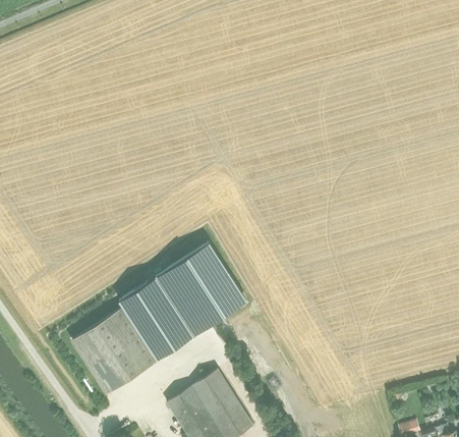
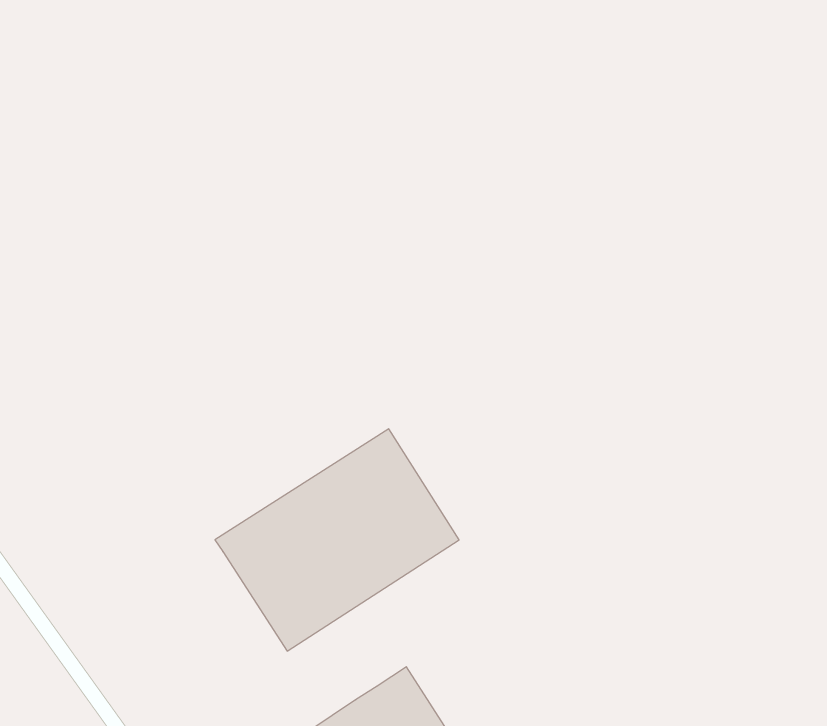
building: [72,309,156,392] -> none

